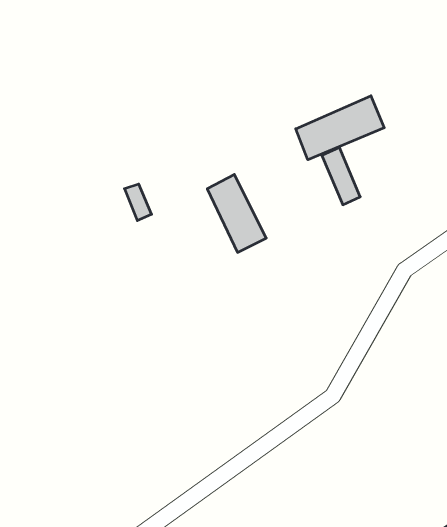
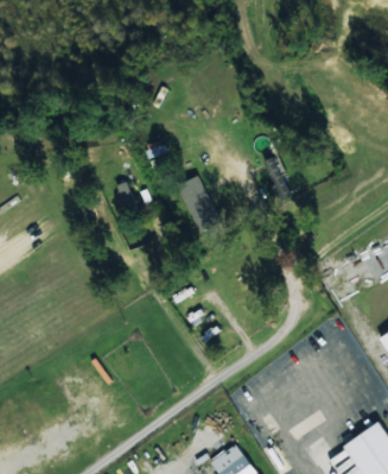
building: [296,96,384,160] -> none

